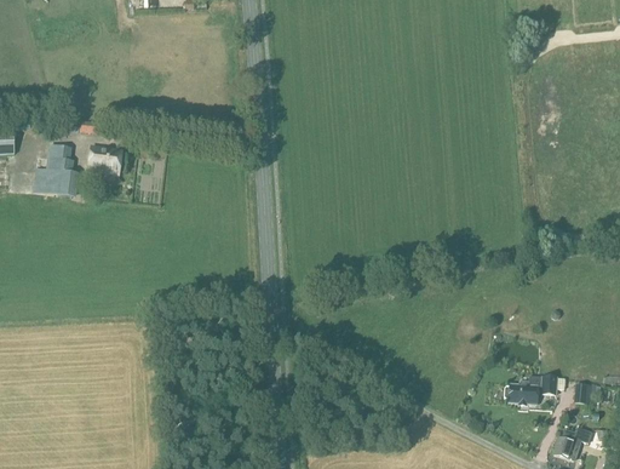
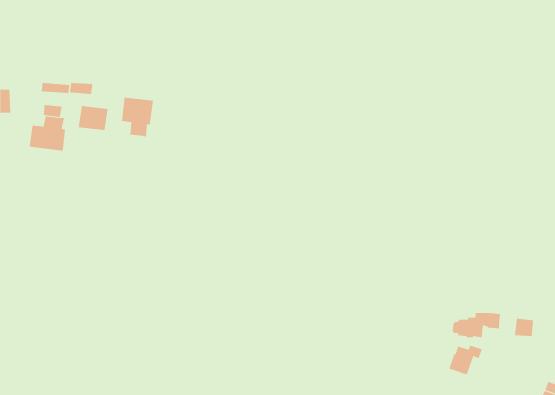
building: none -> [122,97,153,138]
building: [555,425,592,459] -> [449,345,482,375]

